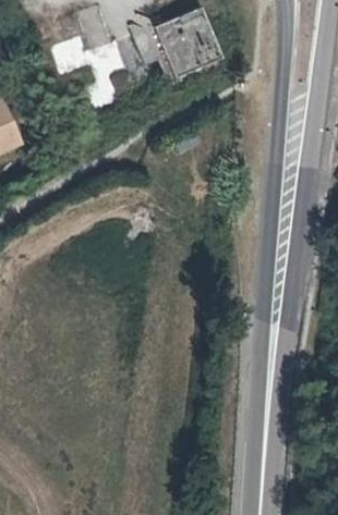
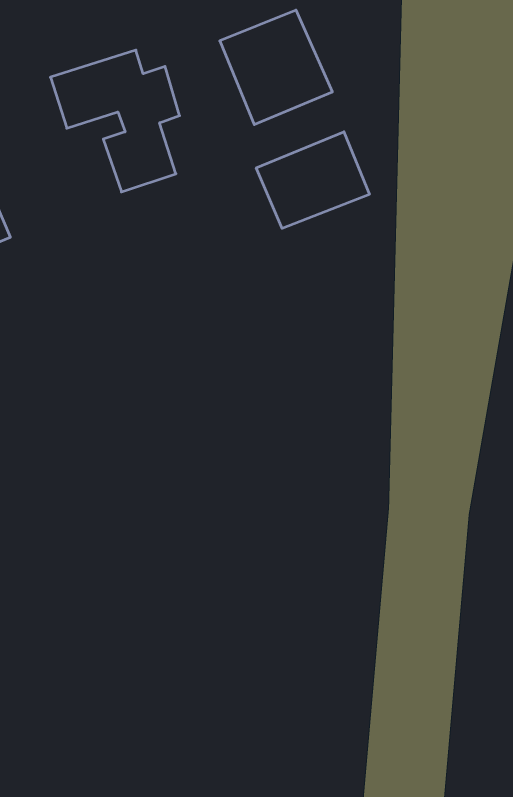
building: none -> [256,132,369,228]

